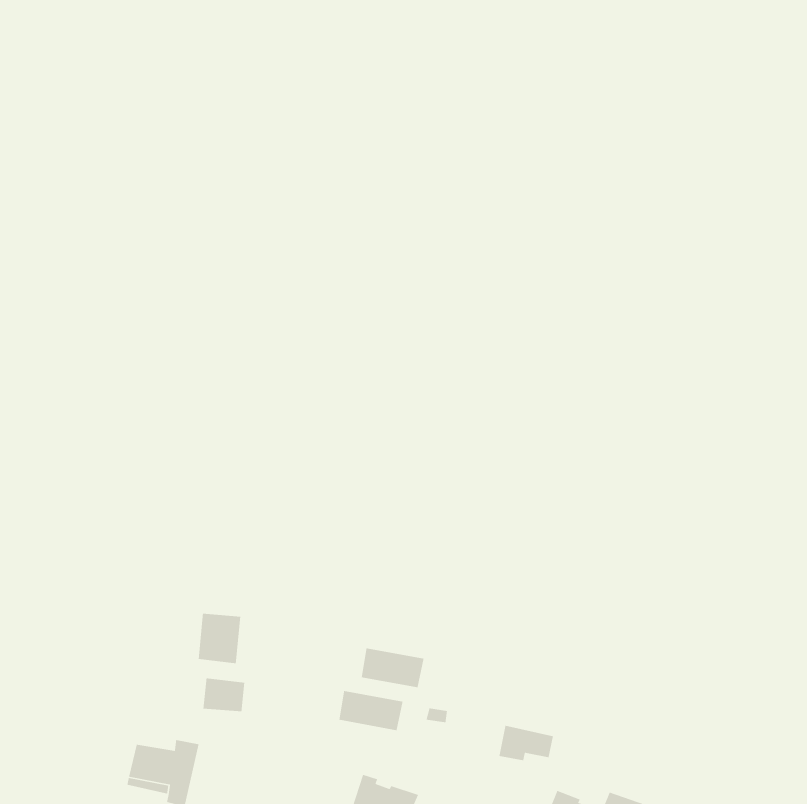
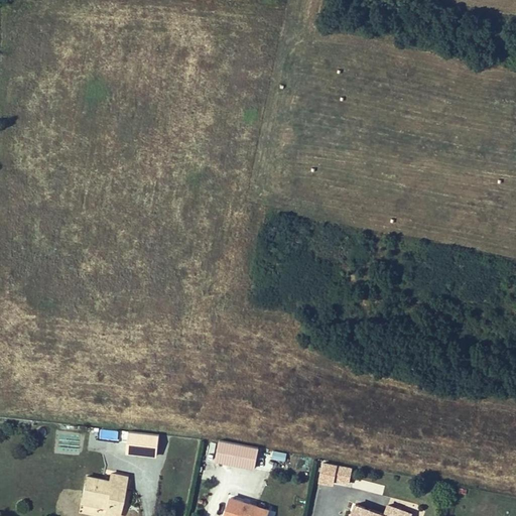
building: [198,613,241,664] -> none
building: [361,647,425,688] -> none

